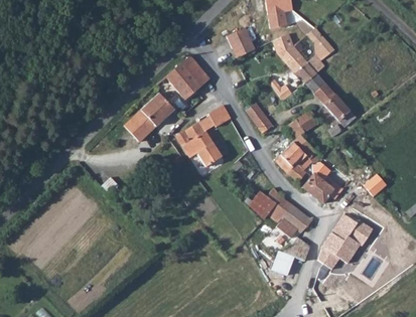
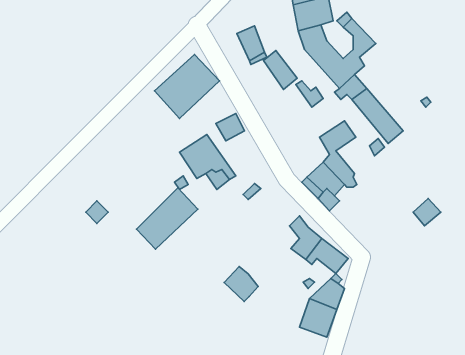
building: [124,93,173,142] -> [137,188,198,249]
building: [247,103,274,134] -> [263,51,297,89]
building: [302,171,348,203] -> none
building: [246,188,273,216] -> [224,266,258,301]
building: [318,212,374,268] -> none

